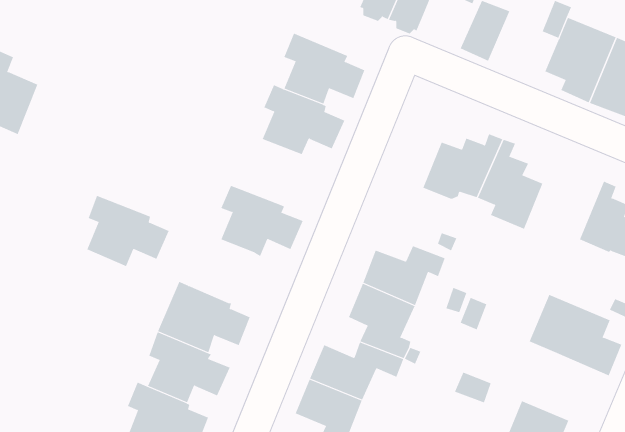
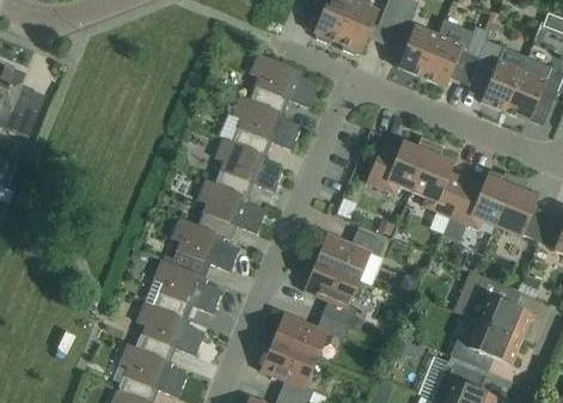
building: none -> [421,35,463,86]
building: none -> [215,138,283,196]
building: none -> [451,170,516,228]
building: [86,195,170,267] -> [171,218,240,277]
building: none -> [449,319,521,372]

